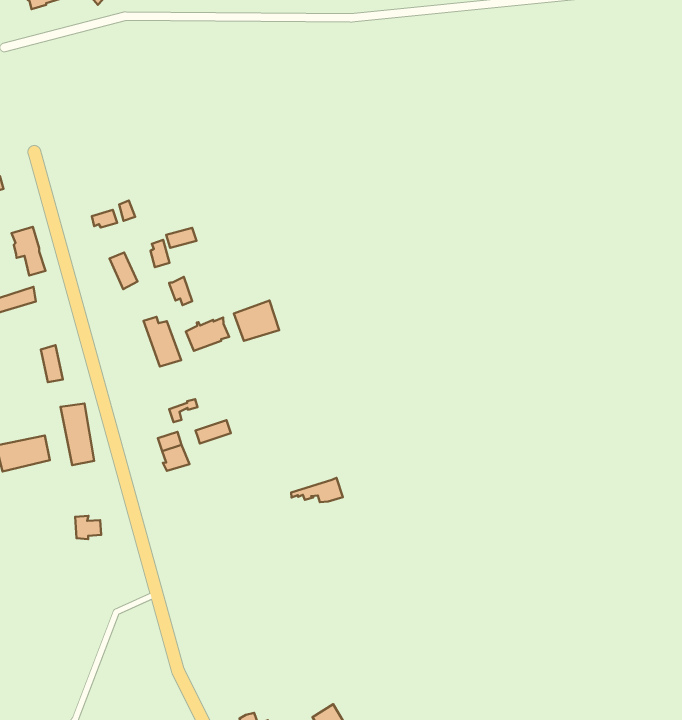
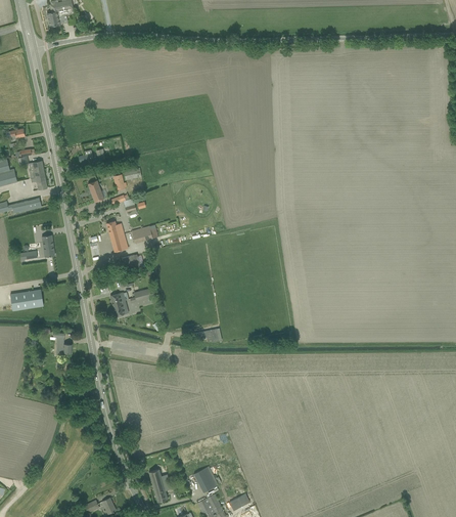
building: [234,300,279,341] -> none
building: [60,404,94,465] -> none

